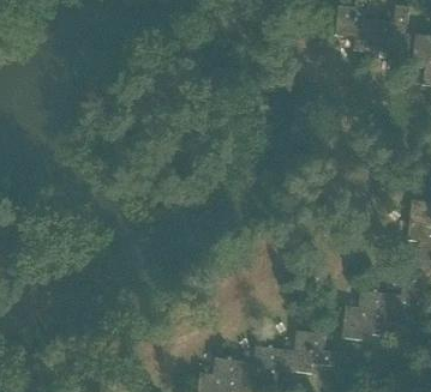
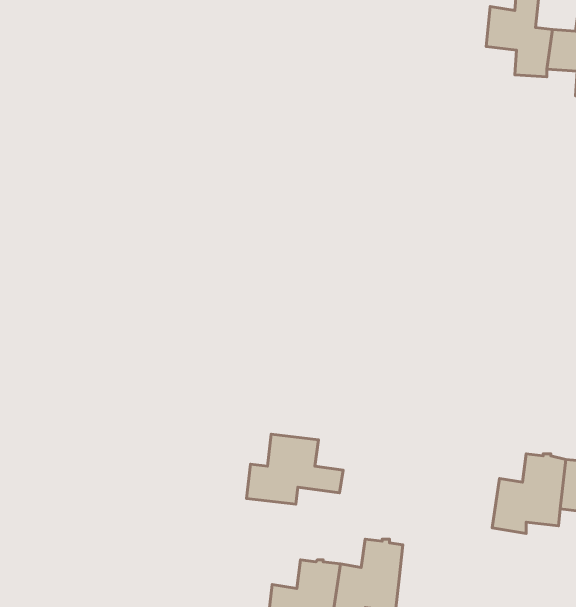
building: [281,327,342,372] -> [247,434,343,504]

